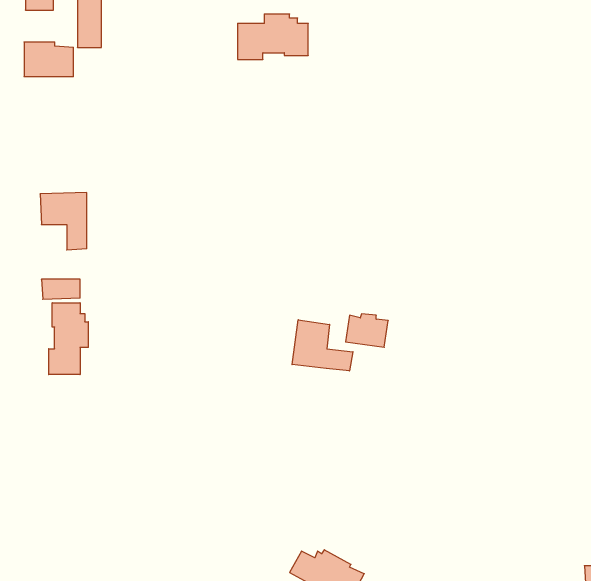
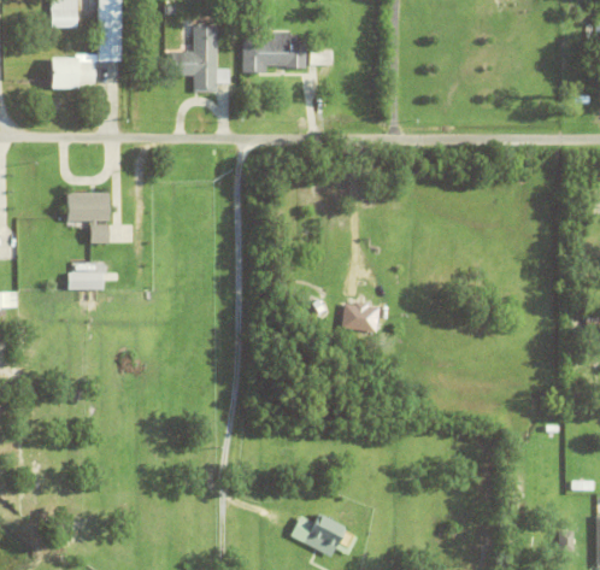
building: none -> [170,23,231,90]
building: [49,303,88,375] -> none
building: [292,320,353,371] -> none

